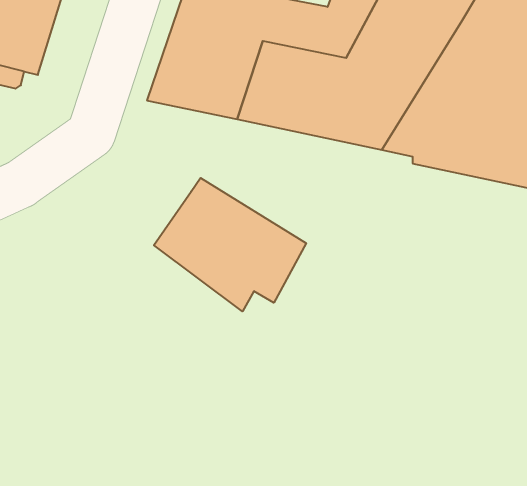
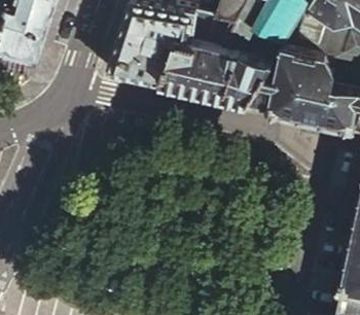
building: [154,178,306,311] -> none

